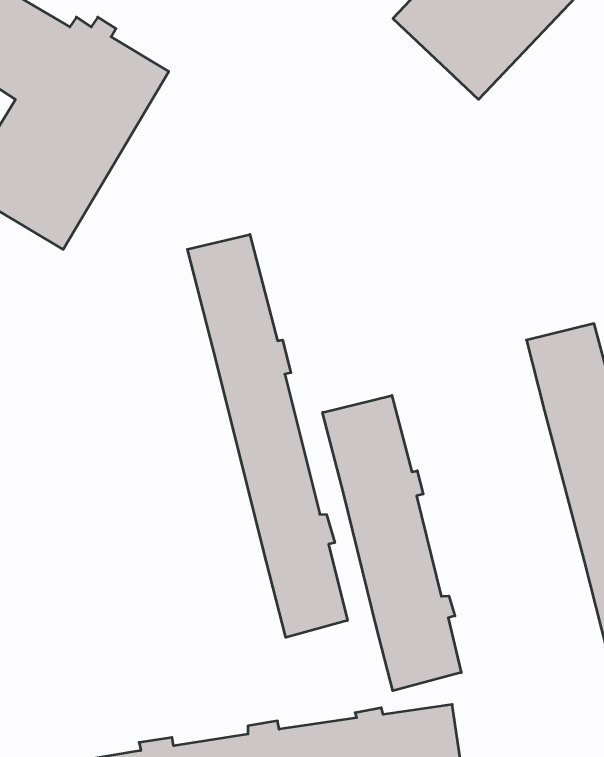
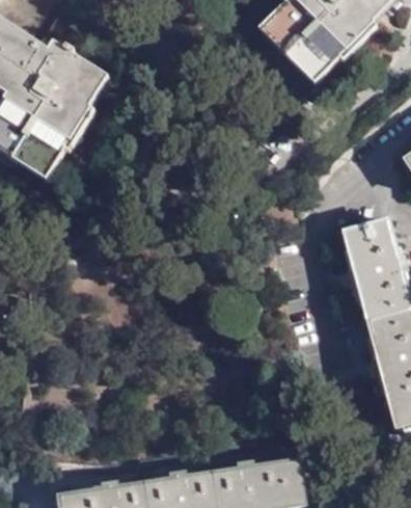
building: [187,234,347,637] -> none
building: [323,395,461,691] -> none

